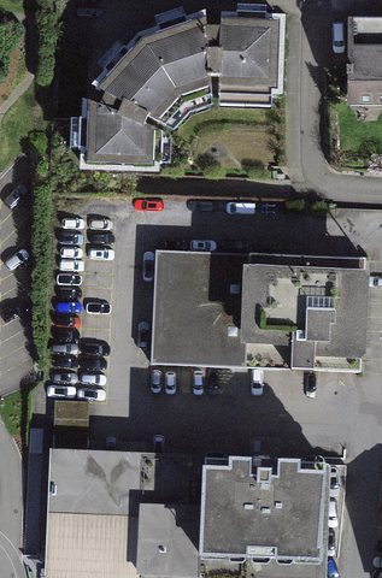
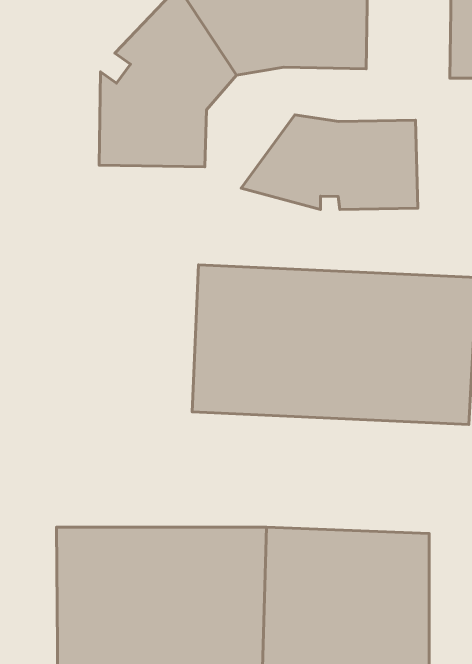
building: none -> [241,115,418,209]

